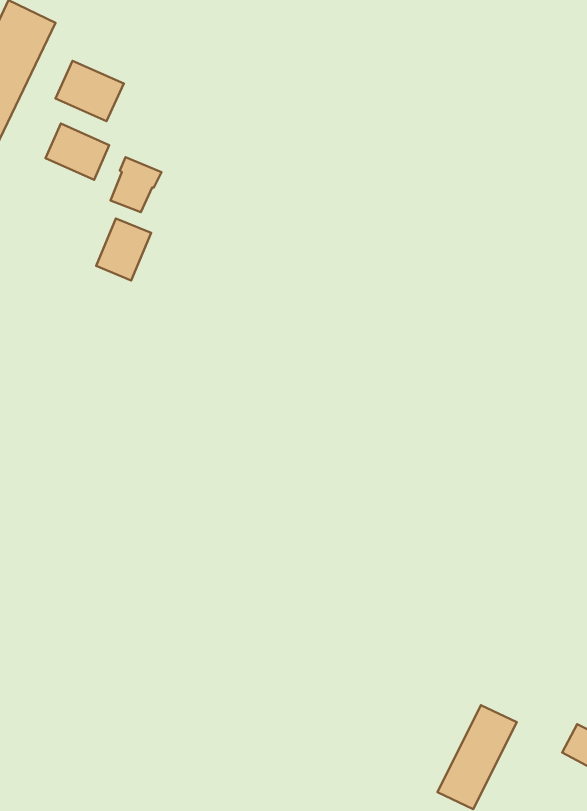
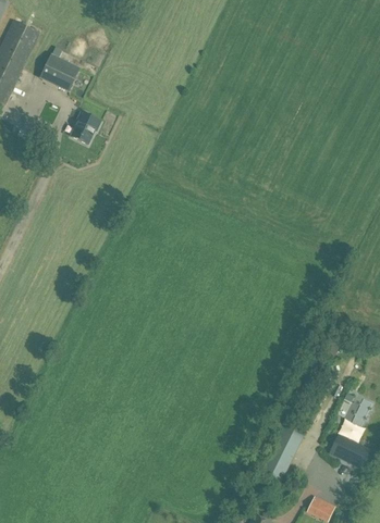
building: [46,124,109,180] -> none
building: [96,218,151,280] -> none

